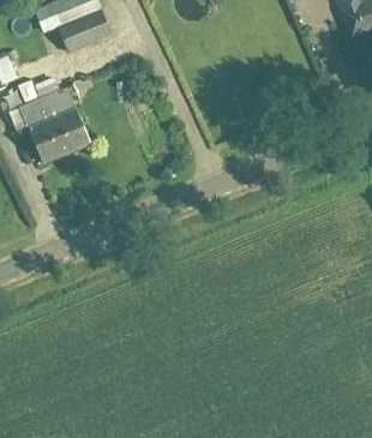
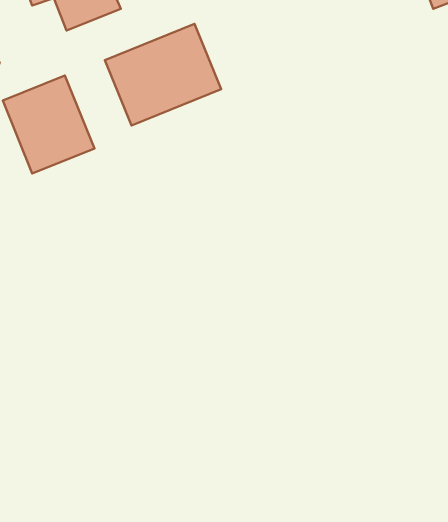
building: none -> [105,24,221,126]

